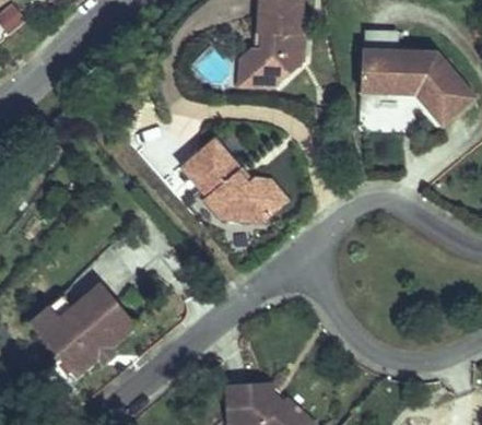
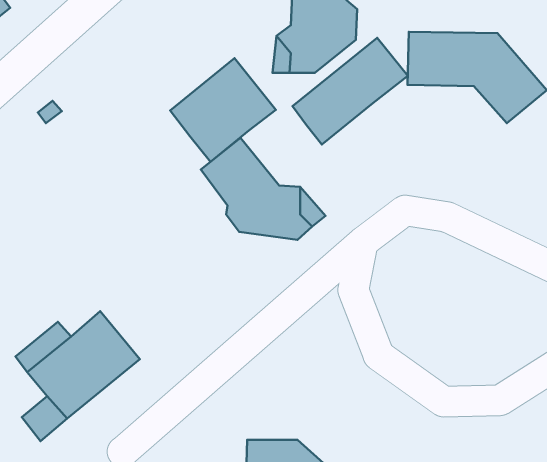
building: none -> [293,38,408,144]
building: none -> [170,58,276,162]

